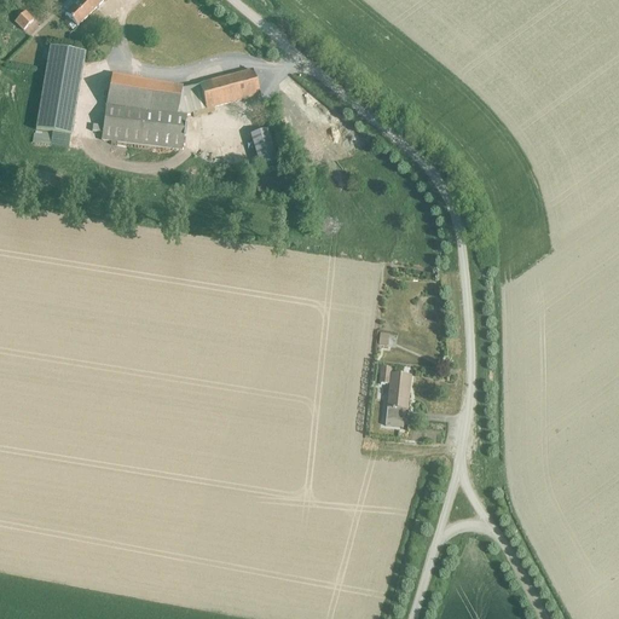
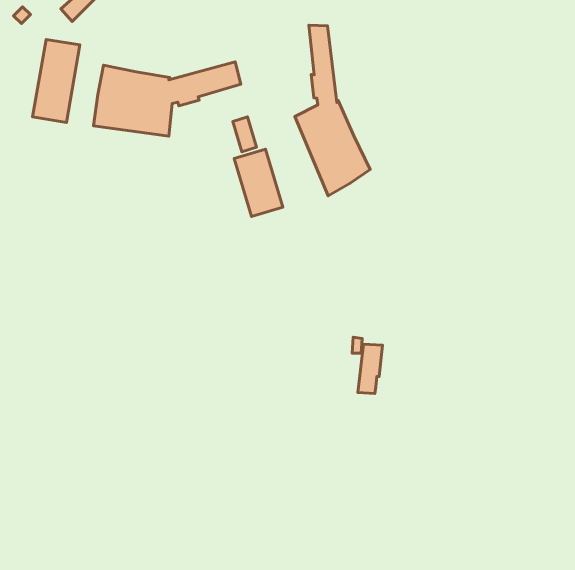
building: none -> [295,25,370,196]
building: none -> [234,149,283,216]

